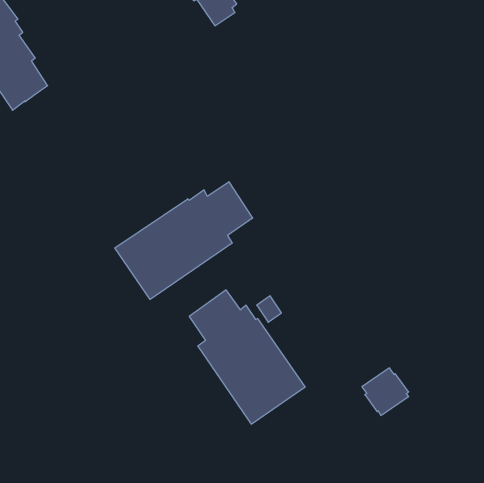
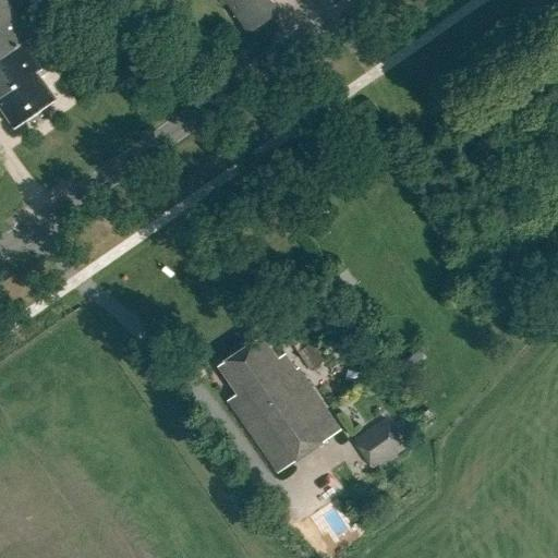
building: [115,182,253,299] -> none
building: [362,368,409,415] -> [350,416,403,471]

